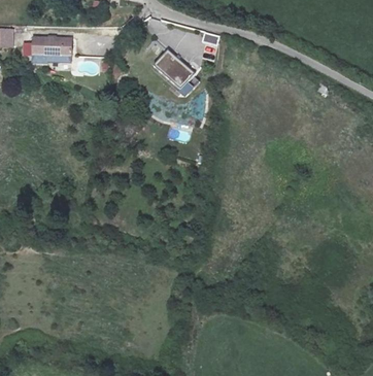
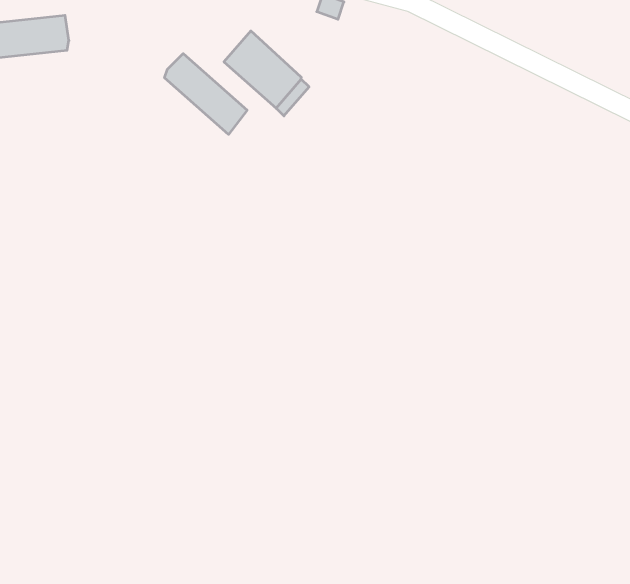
building: none -> [165,54,247,134]

